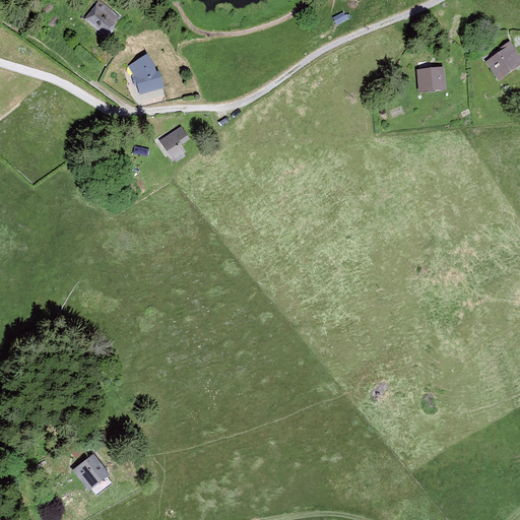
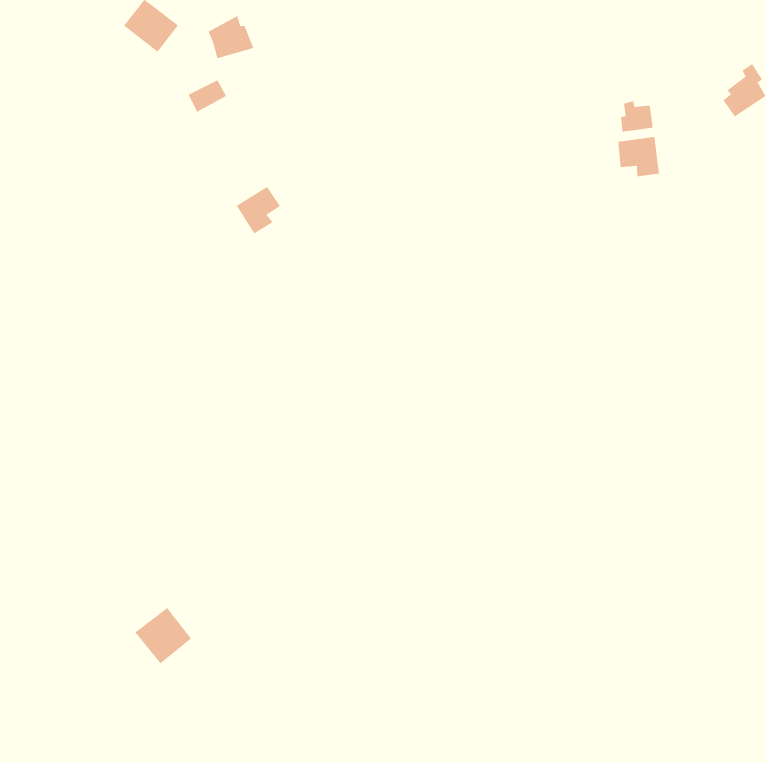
building: [133,65,165,94] -> [208,15,254,59]
building: none -> [618,136,660,177]
building: [71,452,110,491] -> [135,607,192,664]

